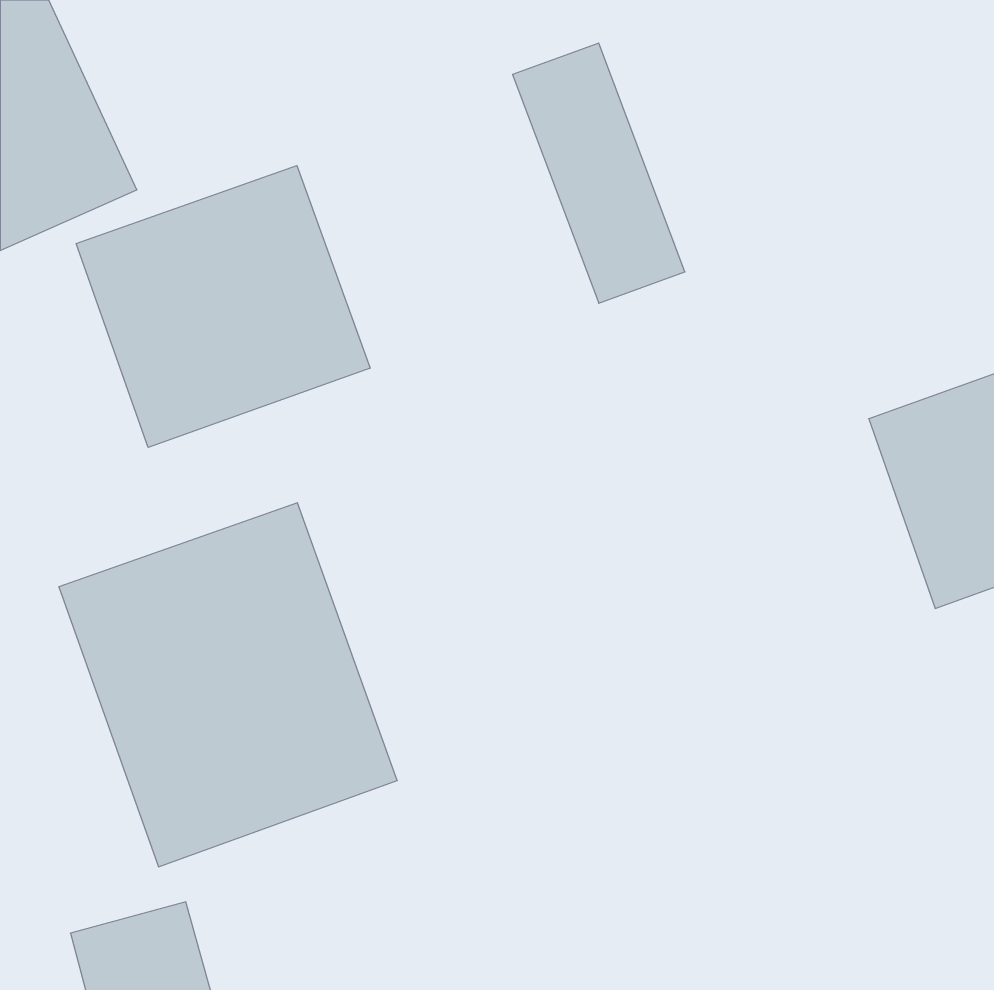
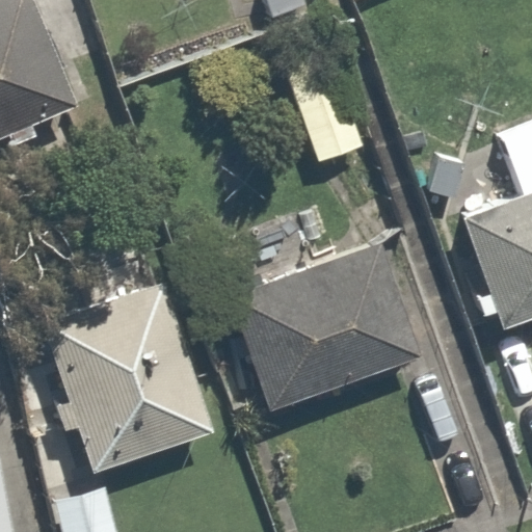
building: [76,166,370,447] -> none
building: none -> [217,247,431,415]

